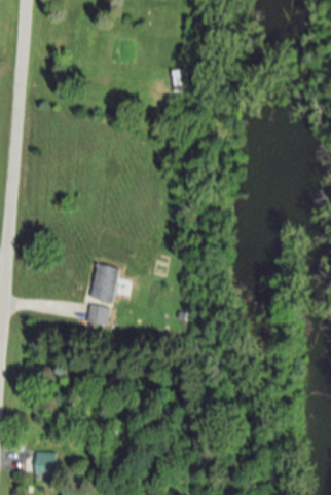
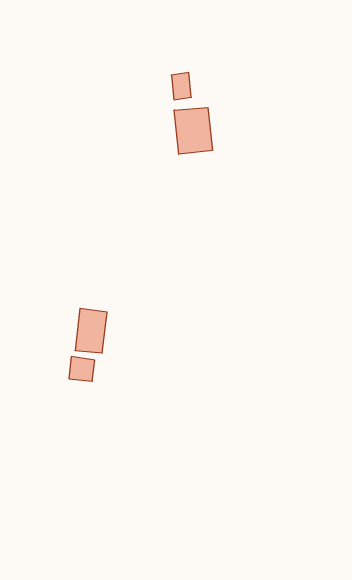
building: none -> [174,108,212,154]
building: [34,452,53,474] -> none

